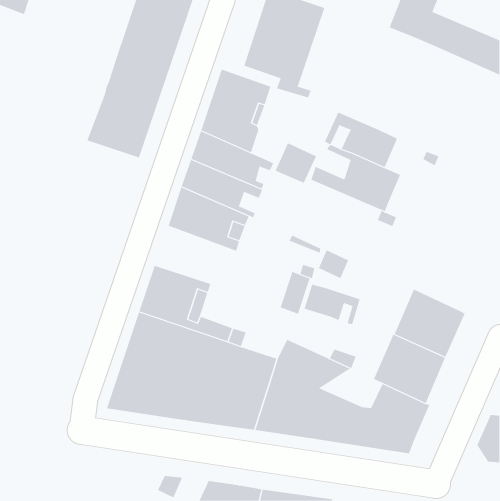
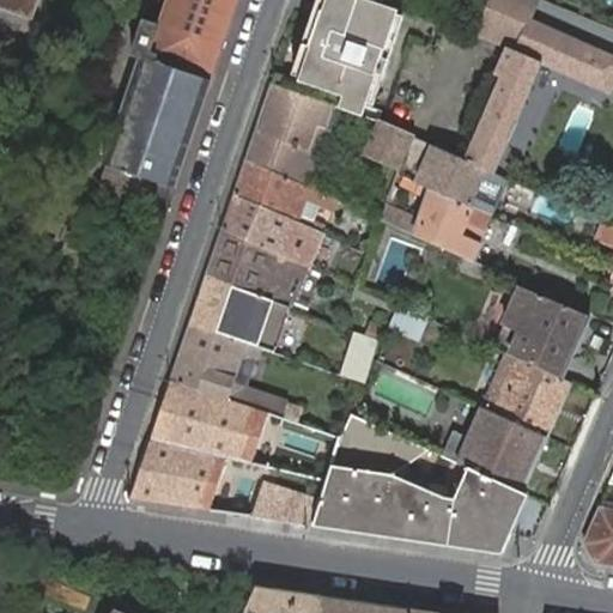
building: none -> [465,47,540,172]
building: [275,142,317,184] -> [360,120,412,170]
building: none -> [188,275,289,351]
building: none -> [502,290,587,378]
building: [304,284,360,325] -> none

